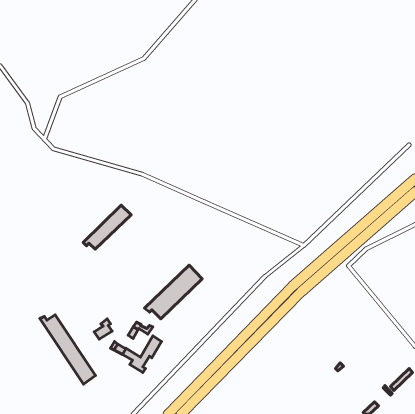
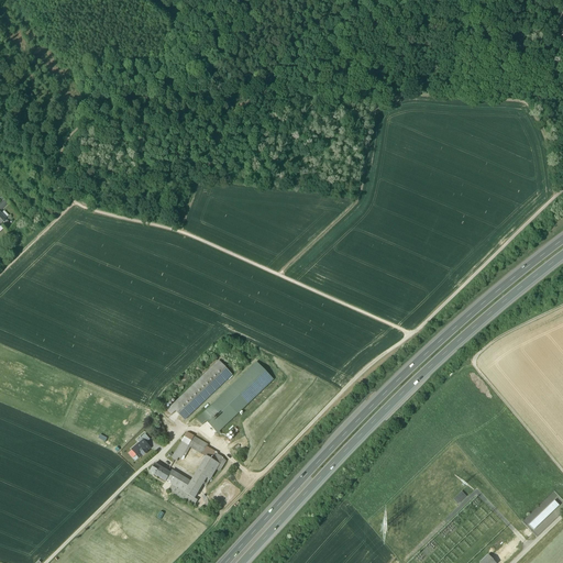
building: [83,205,131,249] -> [167,358,232,418]
building: [40,315,96,384] -> none

